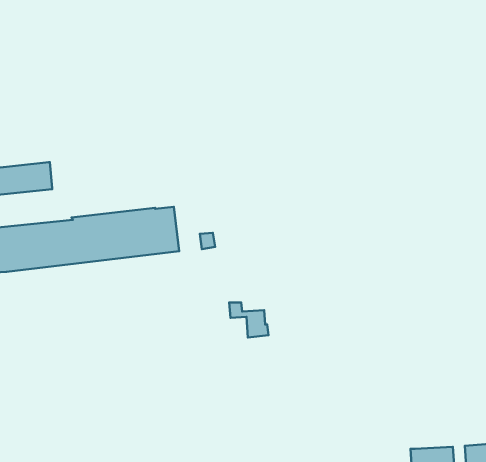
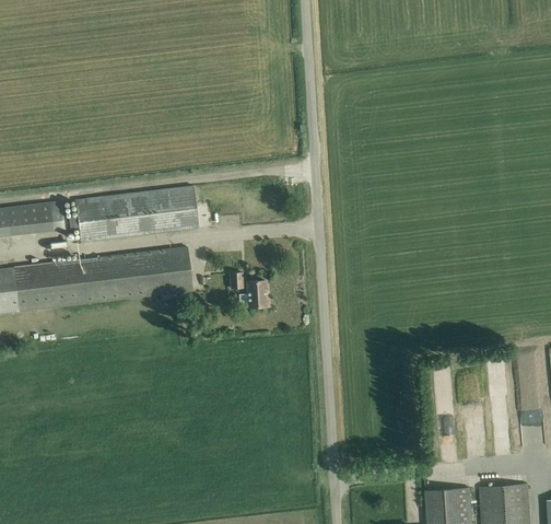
building: none -> [77,186,197,242]
building: [229,303,268,337] -> [228,272,268,307]

